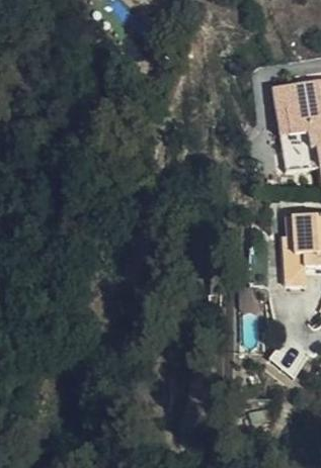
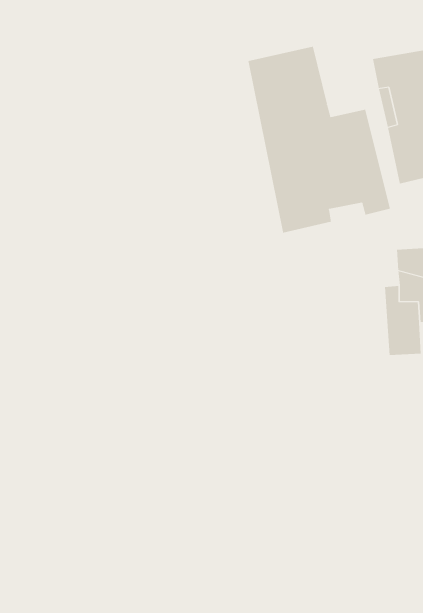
building: none -> [248,46,391,233]

